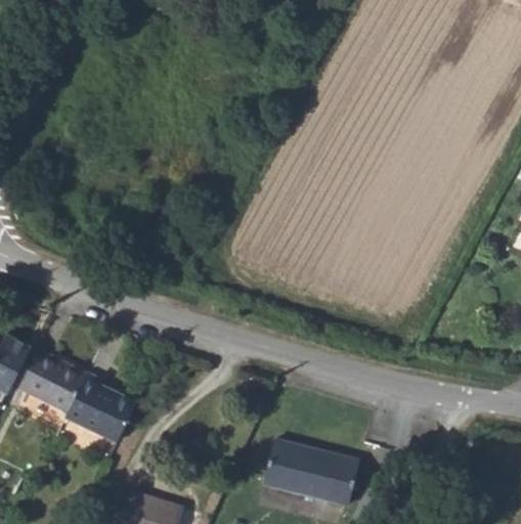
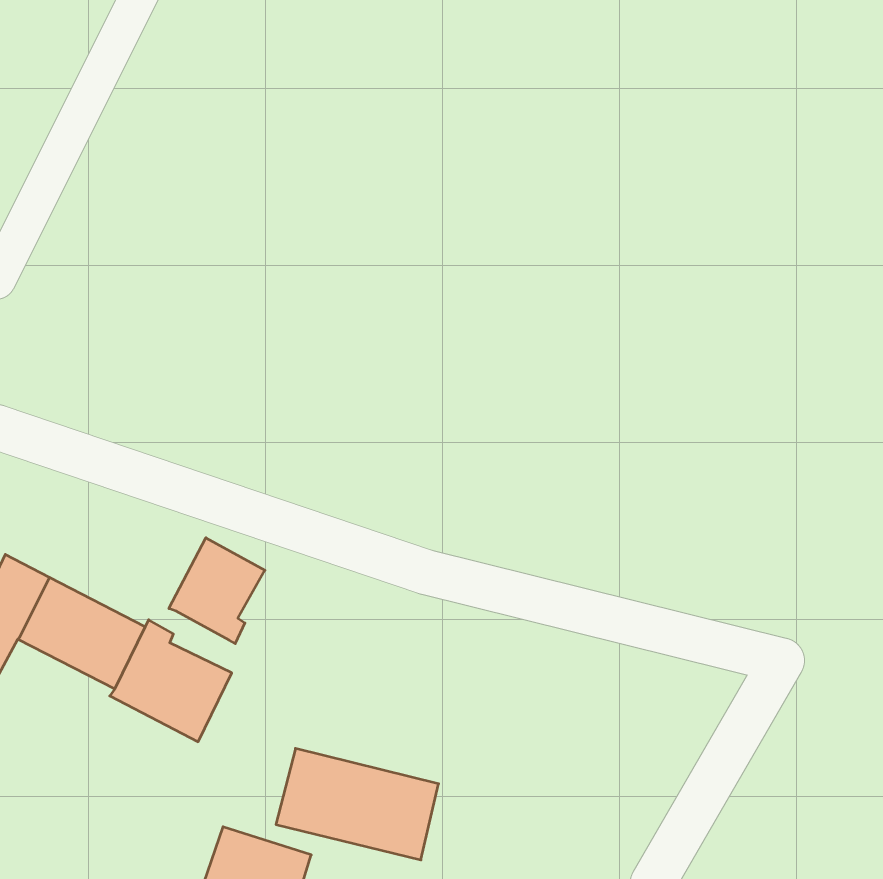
building: none -> [169,538,265,644]
building: [263,439,357,504] -> [276,748,439,860]

